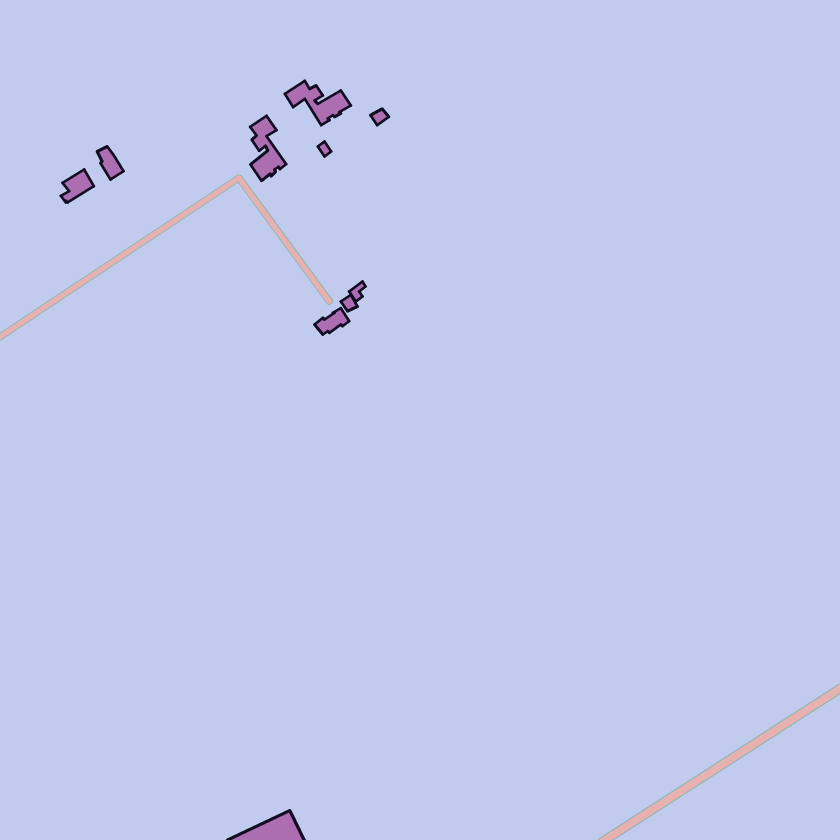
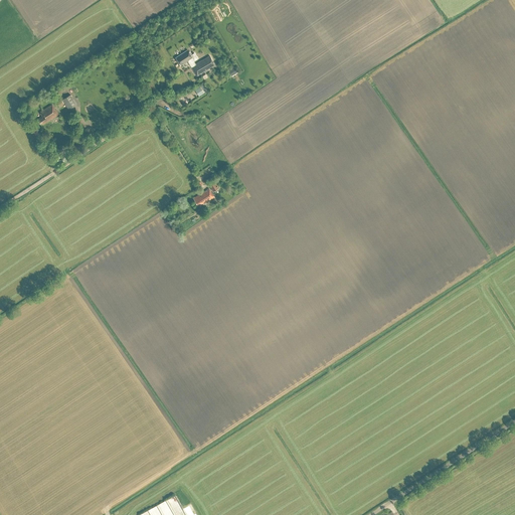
building: [250,116,286,181] -> none

